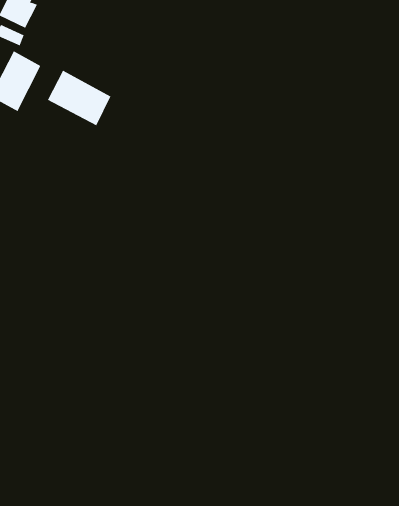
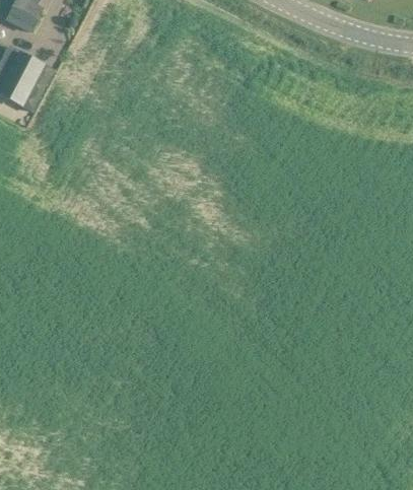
building: [47,70,111,126] -> none

